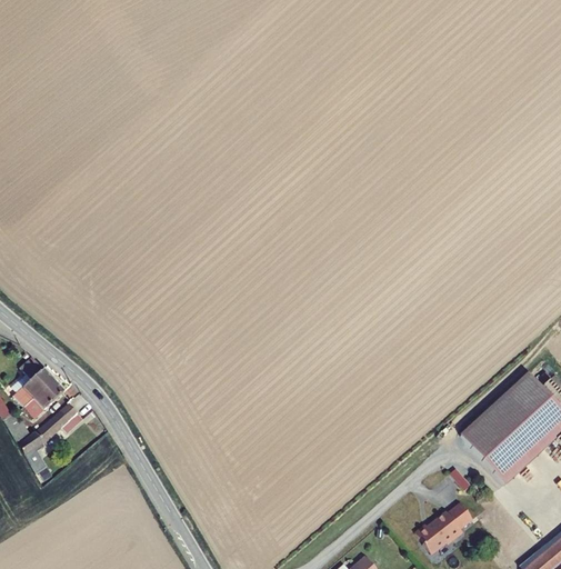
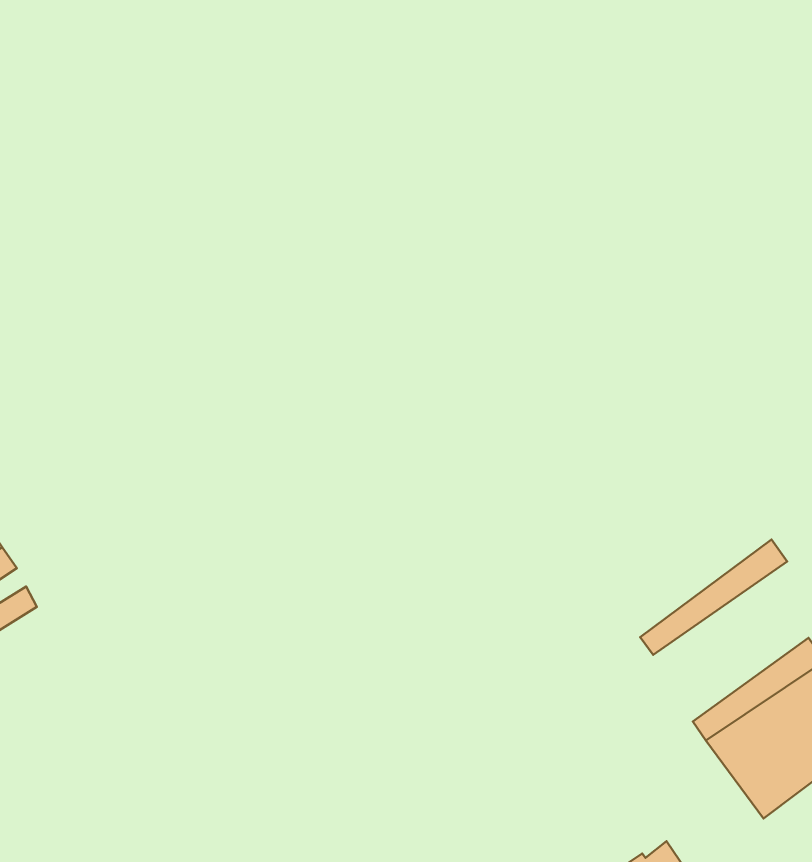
building: none -> [640,539,787,655]

